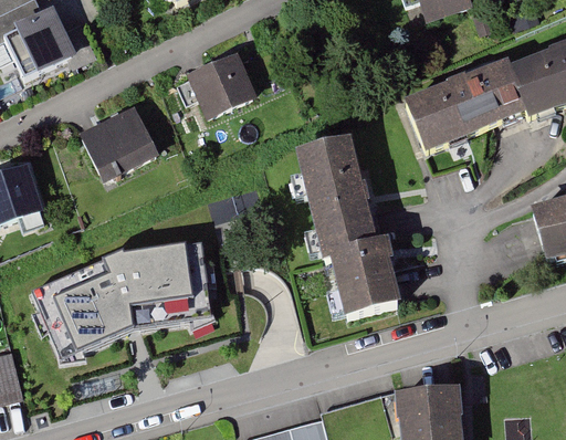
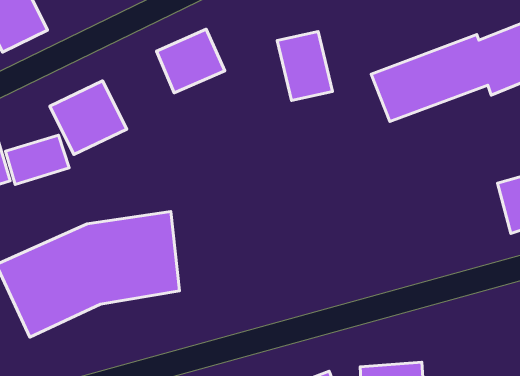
building: none -> [277,32,332,100]
building: [297,137,401,315] -> none
building: none -> [5,135,69,184]

